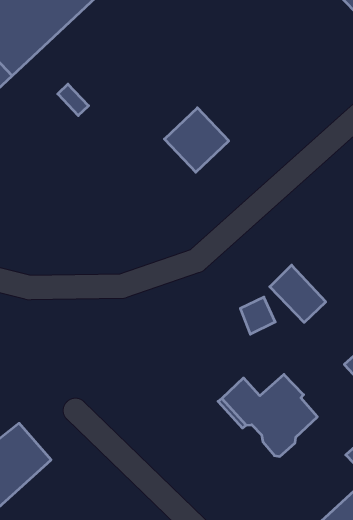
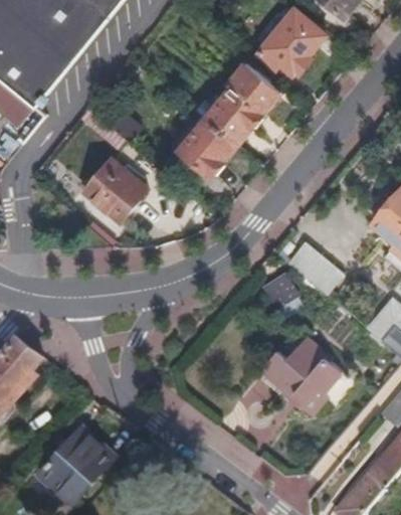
building: none -> [255,11,323,77]
building: none -> [194,59,280,142]
building: none -> [80,159,145,221]

